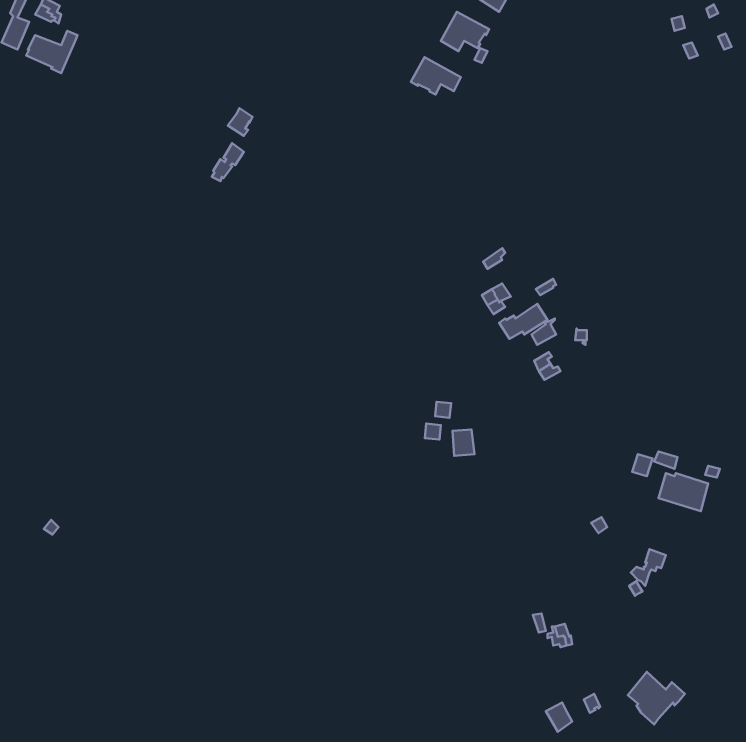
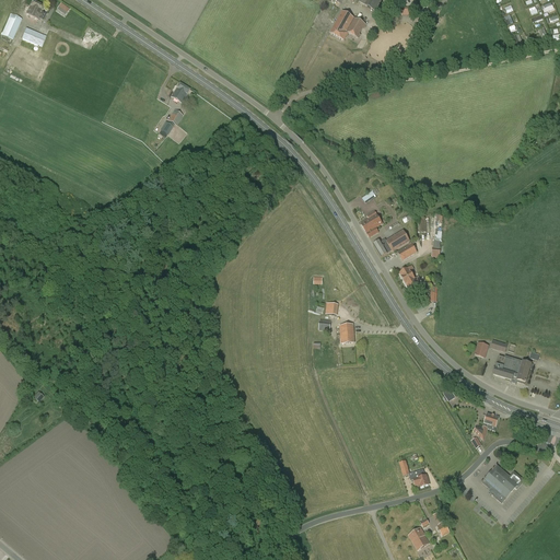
building: [411,57,461,94] -> none
building: [628,672,685,724] -> [481,463,524,502]

